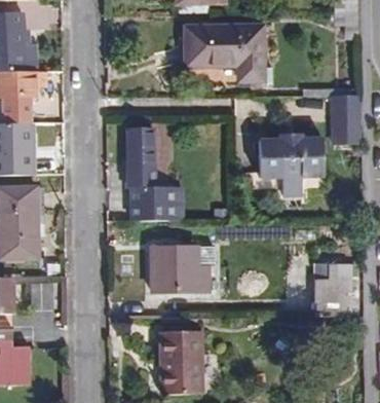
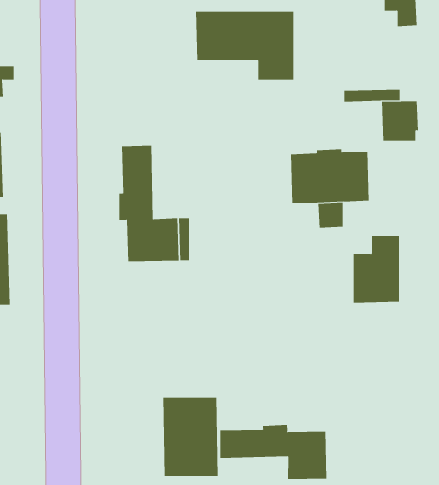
building: [150,246,214,292] -> none
building: [313,263,350,317] -> [353,235,400,303]
building: none -> [220,424,327,480]

